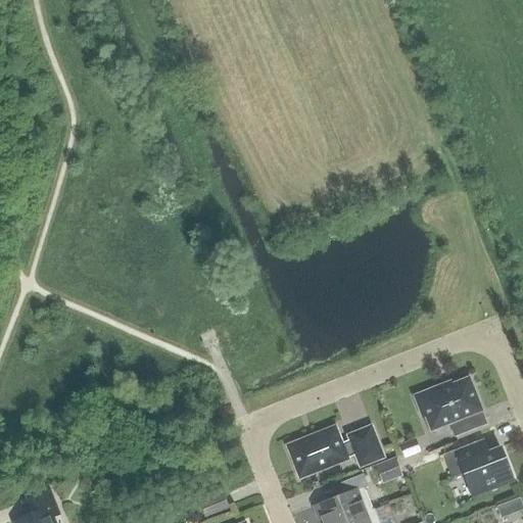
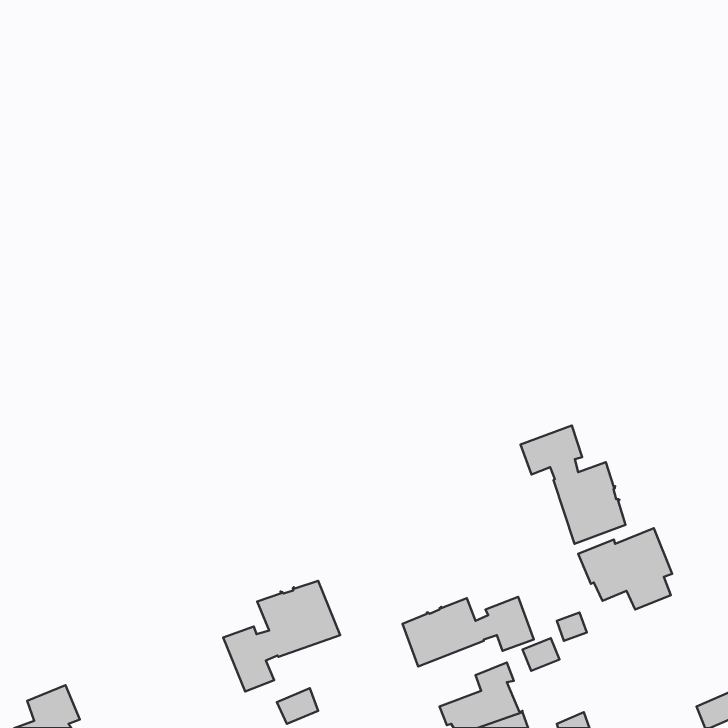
building: none -> [521,425,626,544]
building: none -> [223,581,340,692]
building: [443,439,514,497] -> none

